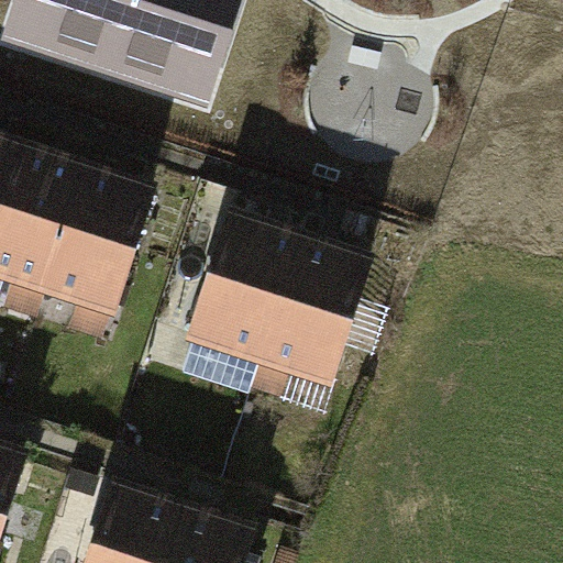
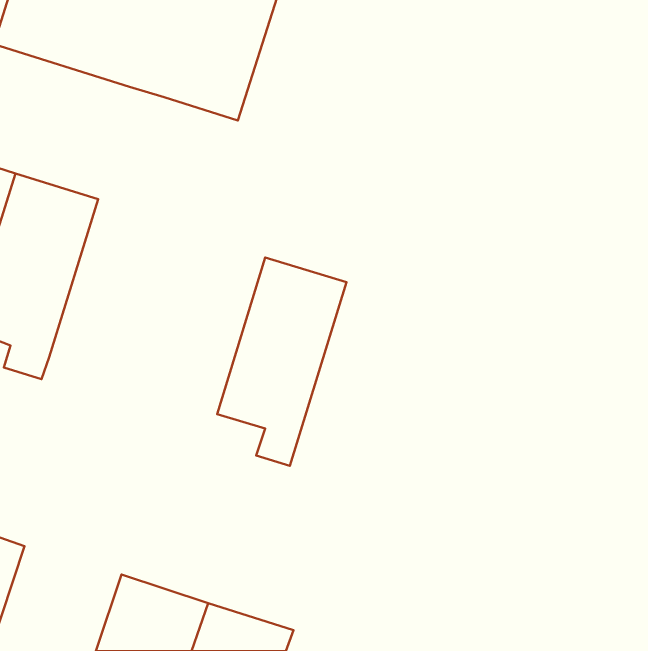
building: [42,169,154,344] -> none
building: [246,240,364,407] -> none

